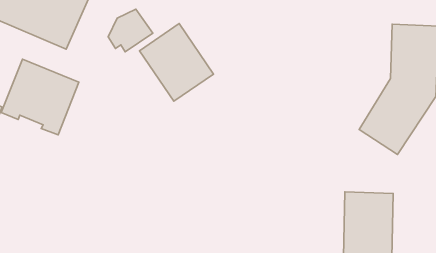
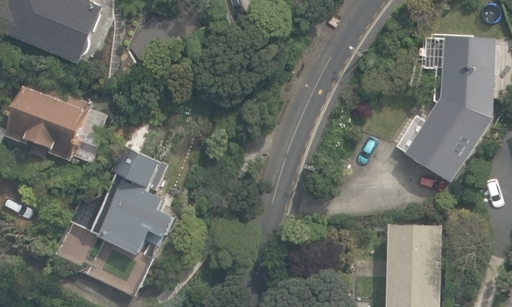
building: [140,24,213,101] -> none
building: none -> [67,144,175,254]

